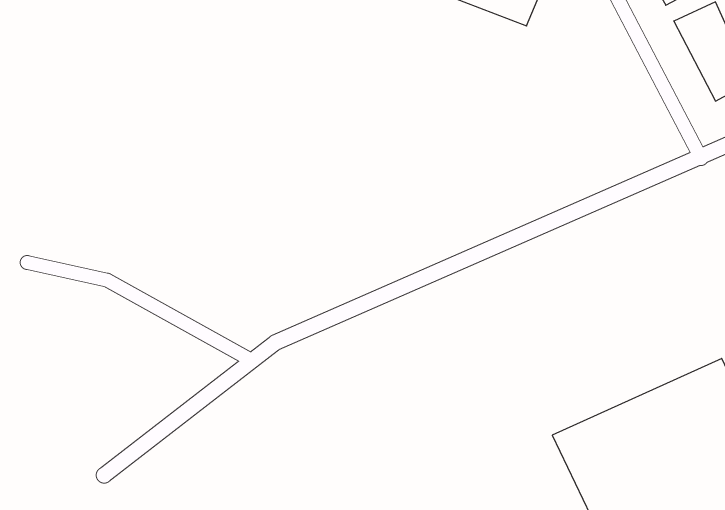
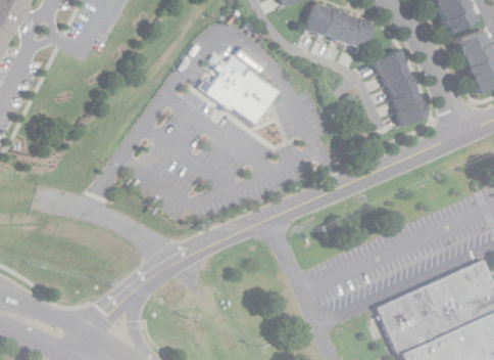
building: none -> [373,48,431,124]
building: none -> [208,58,282,125]

